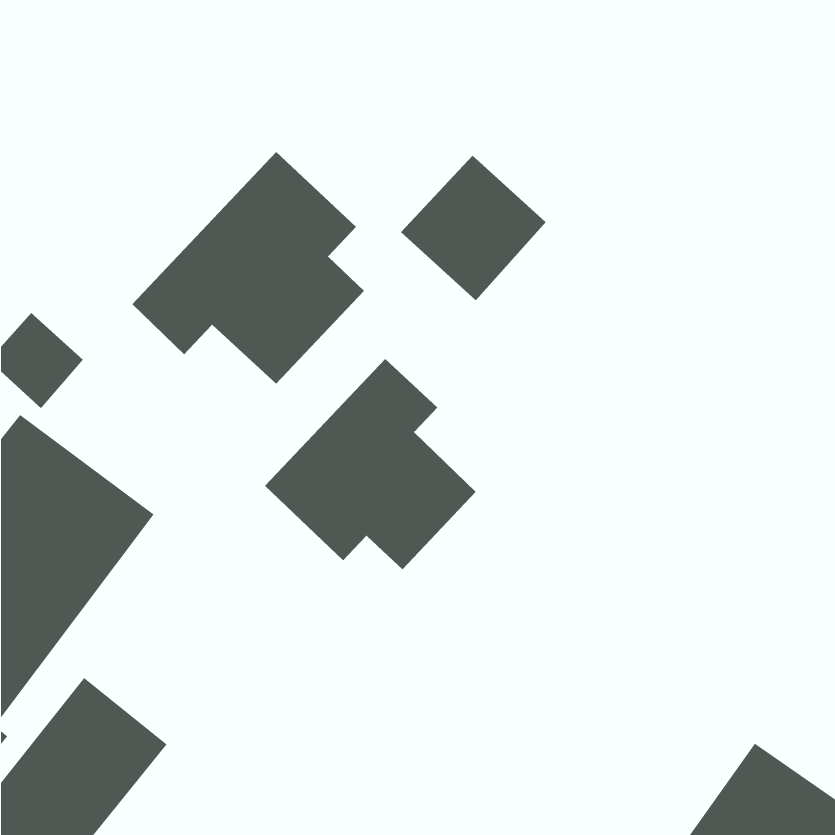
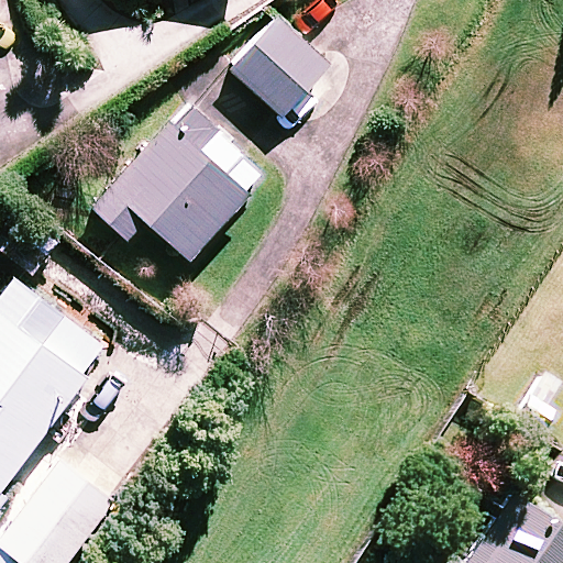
building: [400,155,547,301] -> [231,21,329,119]
building: [264,358,477,570] -> none

